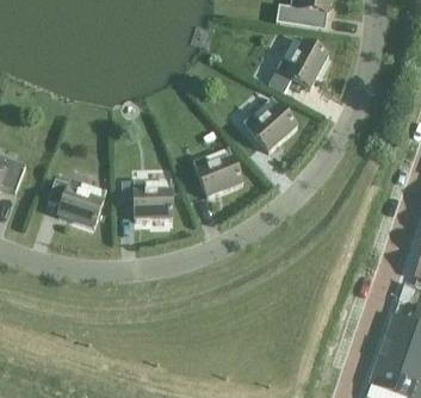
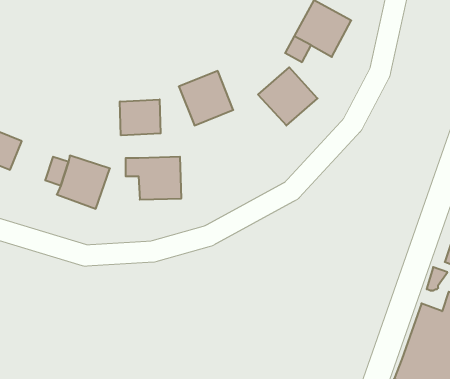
building: none -> [120,99,161,135]
building: [192,147,242,197] -> [179,71,233,125]

